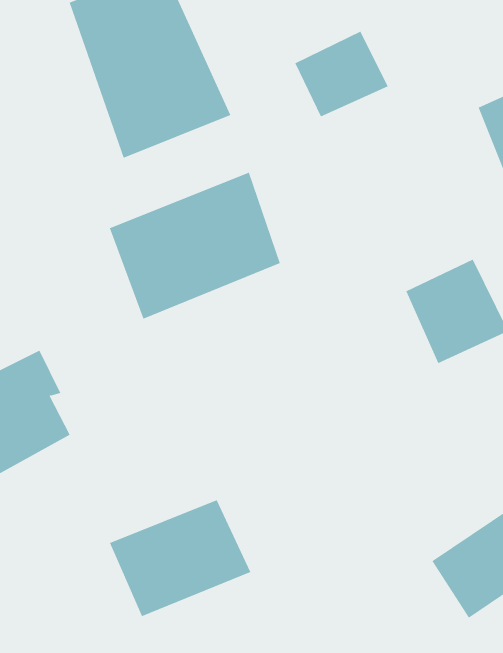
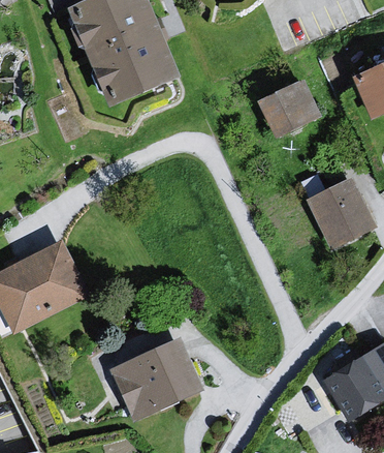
building: [294,31,389,117] -> [258,80,321,138]
building: [109,172,280,320] -> none

